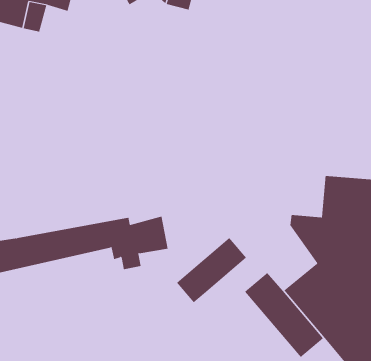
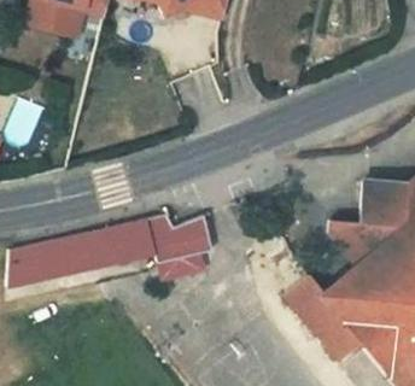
building: [176,237,247,303] -> none

